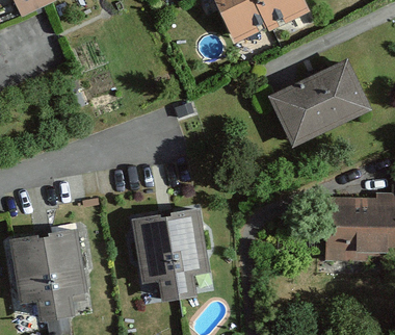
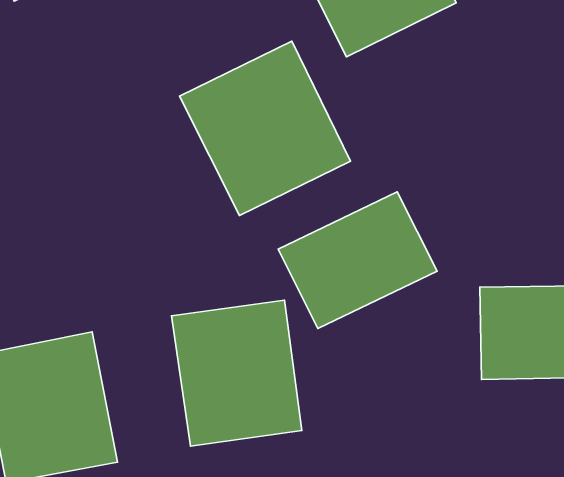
building: none -> [180,41,350,216]
building: [269,55,373,145] -> [278,192,437,329]

